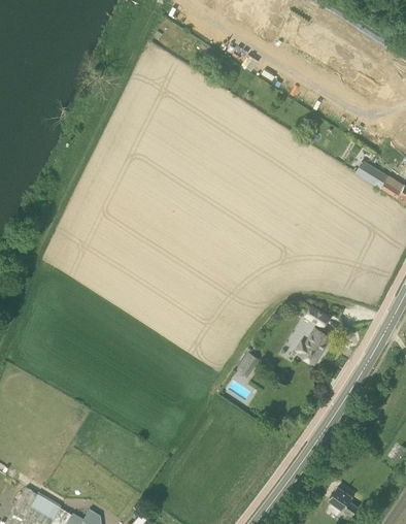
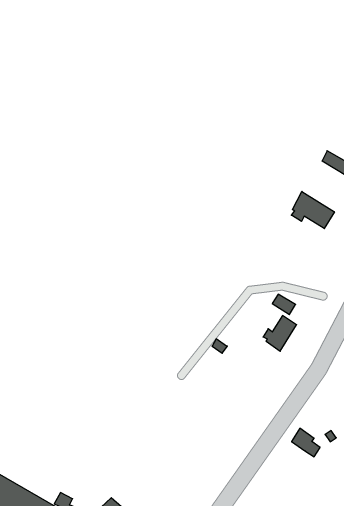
building: none -> [291,191,334,229]
building: [329,488,358,517] -> [292,428,320,457]

